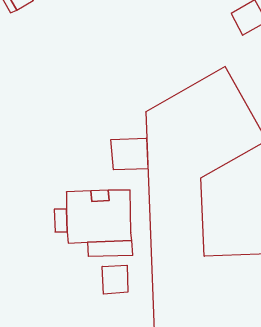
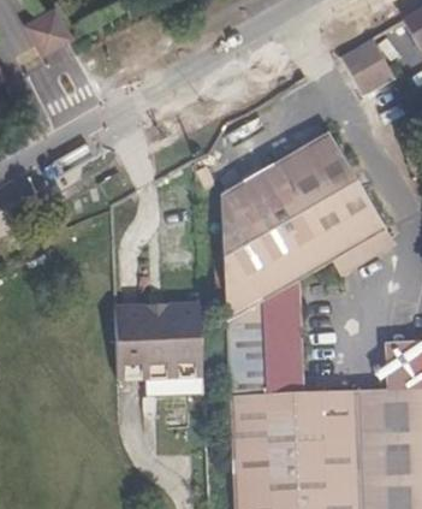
building: [111,138,148,170] -> none
building: [102,265,128,294] -> none

